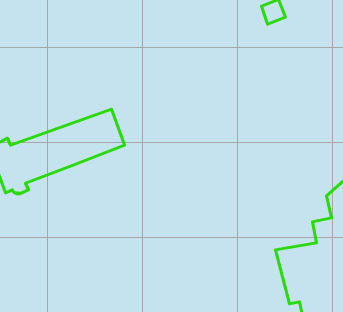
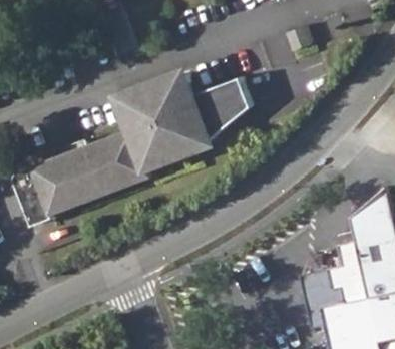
building: none -> [121,75,253,166]

